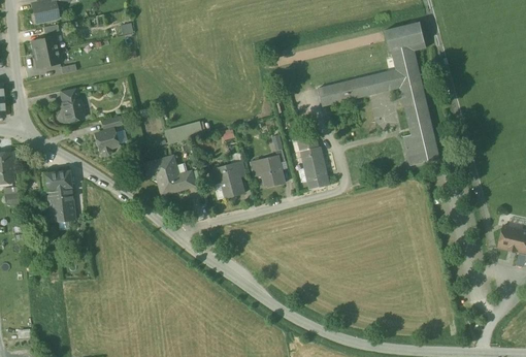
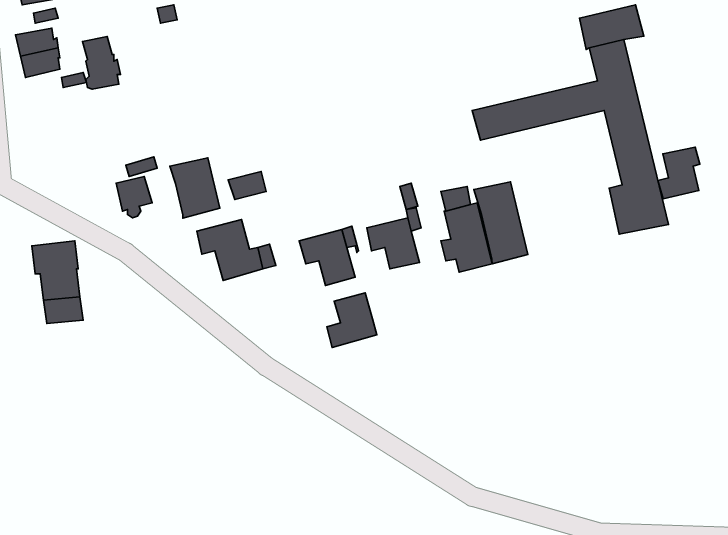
building: [60,88,84,121] -> [82,36,120,89]
building: none -> [658,147,700,199]
building: none -> [170,158,220,218]
building: none -> [474,182,528,264]
building: none -> [327,293,377,347]

